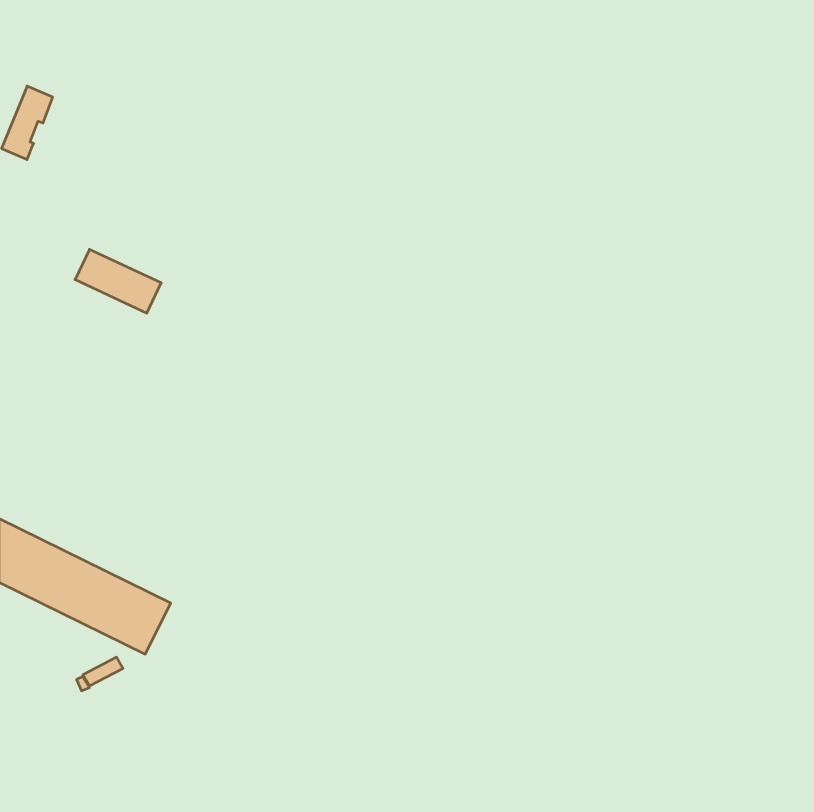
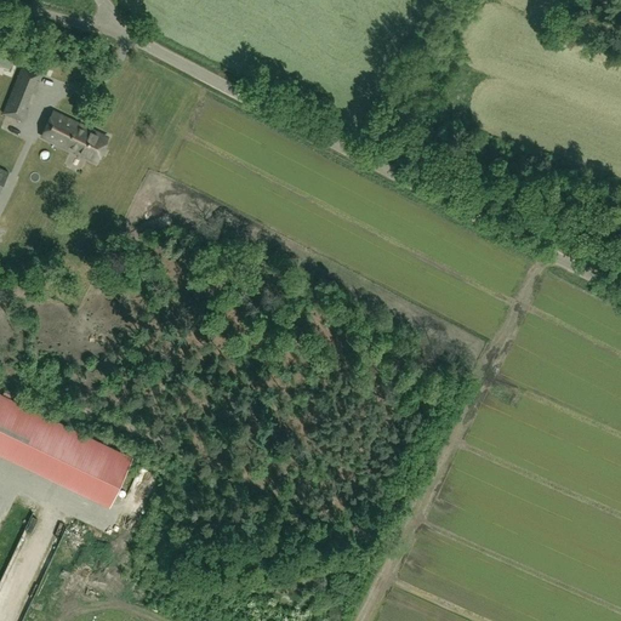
building: [75,249,161,313] -> [41,115,107,164]

